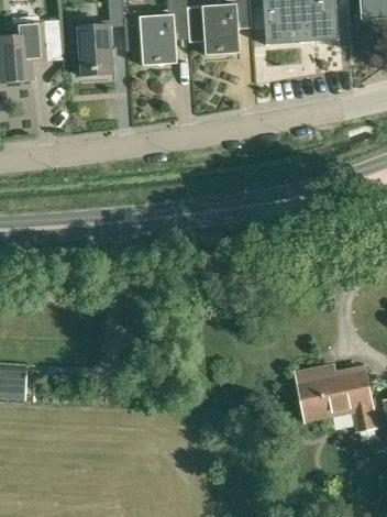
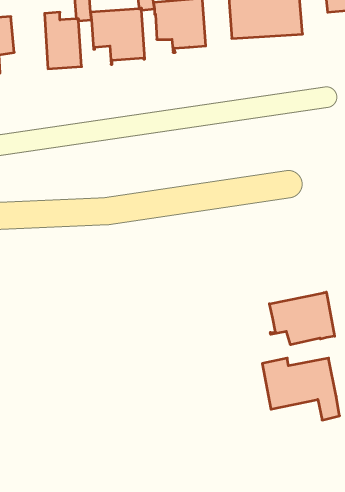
building: none -> [269,292,335,345]

